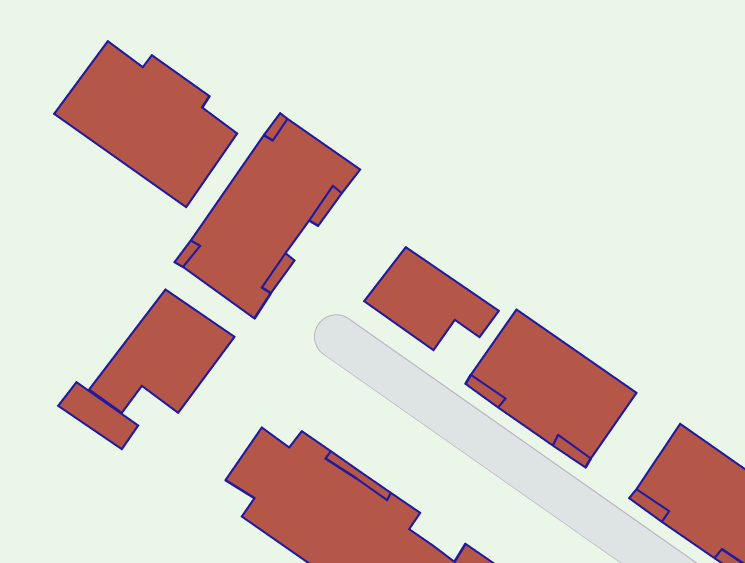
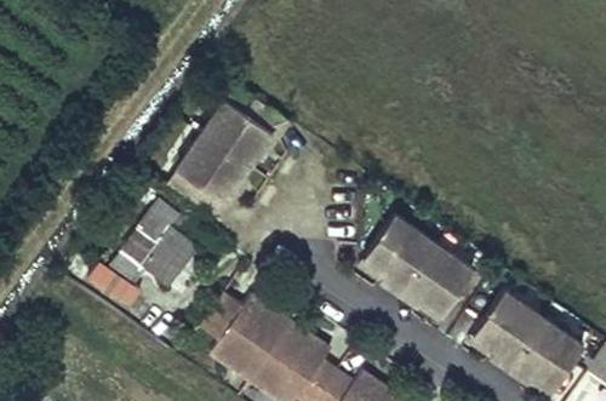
building: [54,41,237,207] -> none
building: [364,247,499,350] -> none

